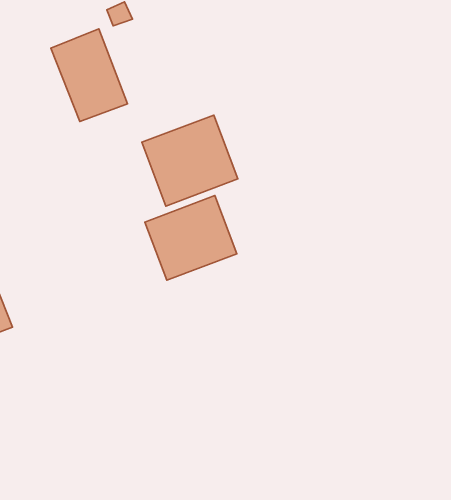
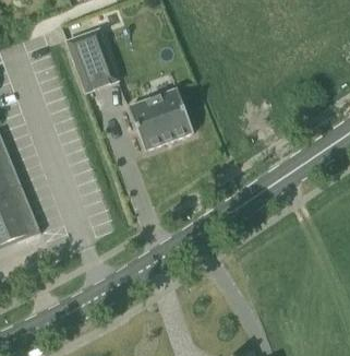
building: [145,196,237,280] -> none

